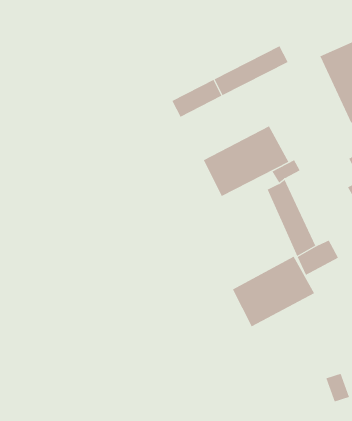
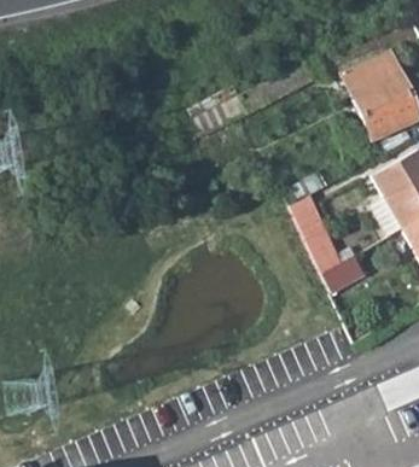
building: [203,125,289,197] -> none
building: [232,256,315,327] -> none

